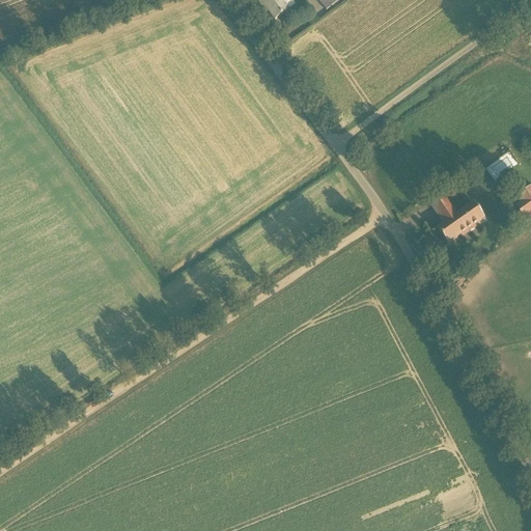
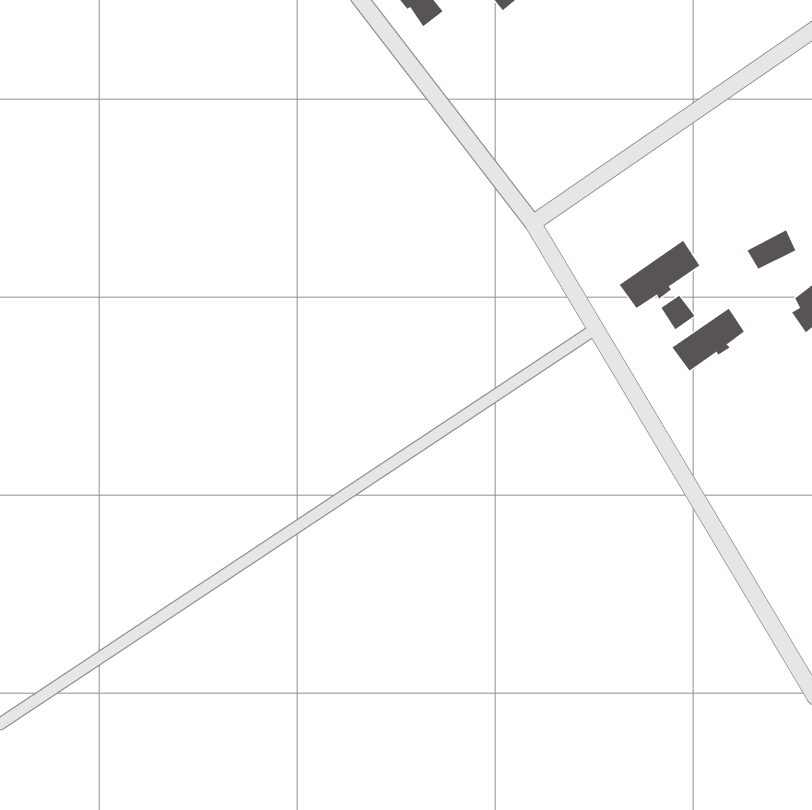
building: none -> [619,240,700,309]

